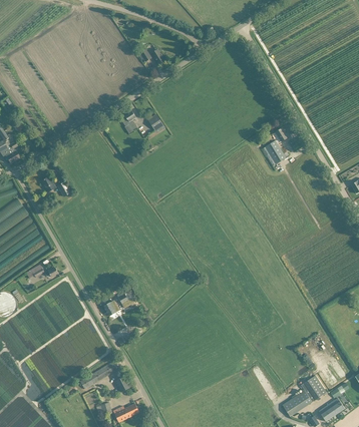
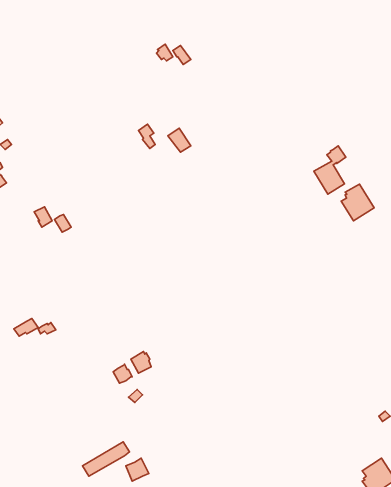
building: none -> [341,184,374,221]

